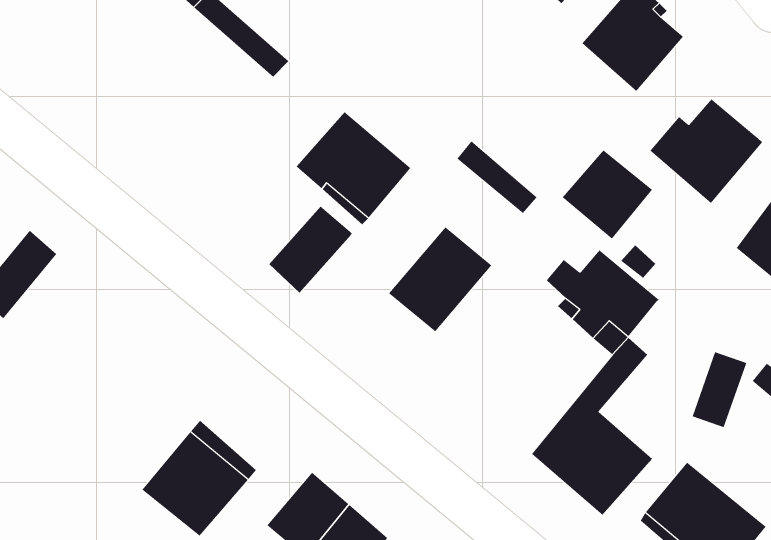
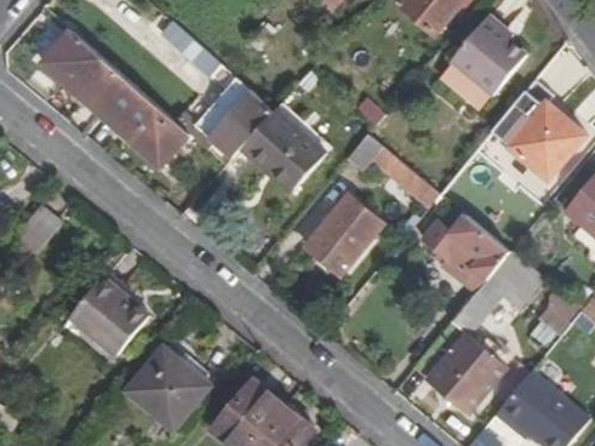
building: none -> [50,38,188,166]
building: [562,149,653,240] -> none
building: [269,206,353,293] -> [212,90,275,155]
building: none -> [64,276,145,356]

